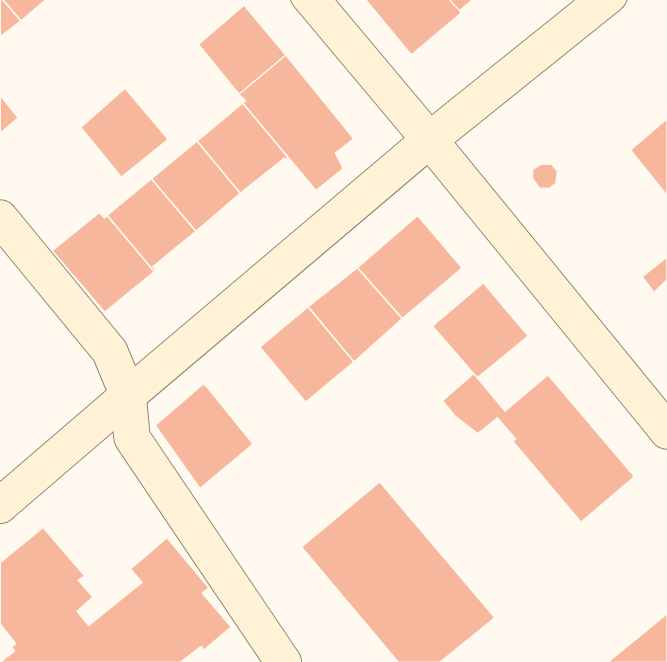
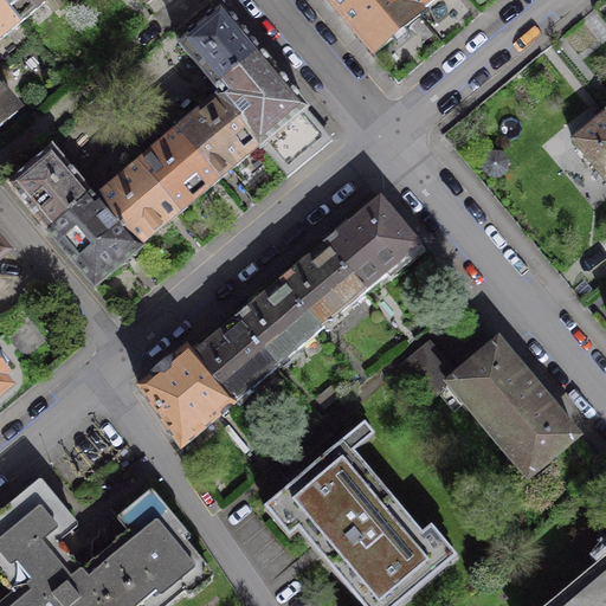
building: [81,88,168,177] -> [11,147,90,227]
building: [432,283,528,378] -> none
building: none -> [189,315,277,402]

